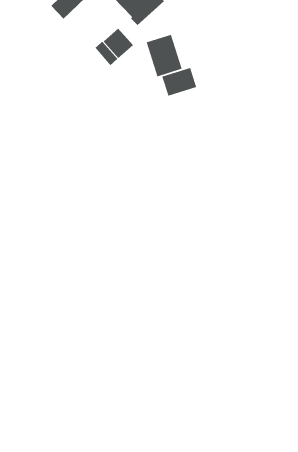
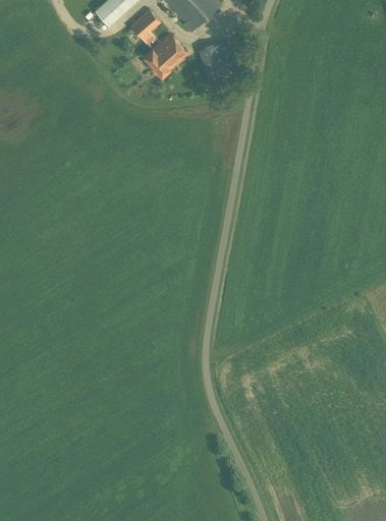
building: none -> [129,8,160,38]
building: [162,67,197,96] -> none

